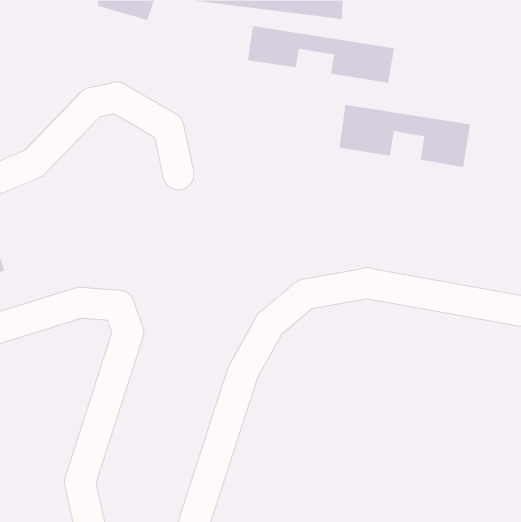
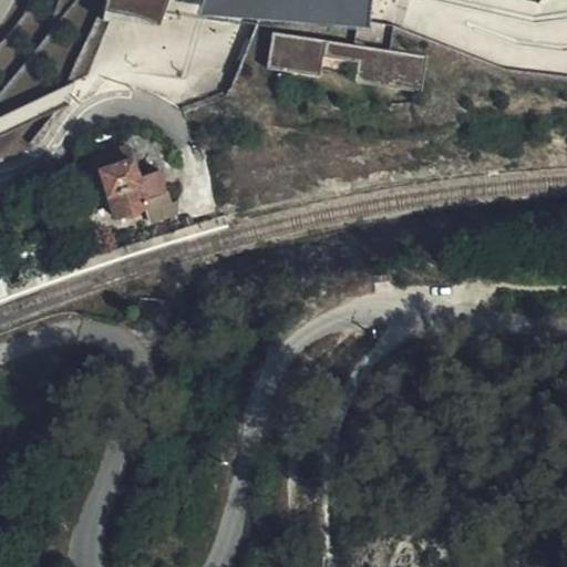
building: [339,104,471,168] -> none
building: none -> [92,145,165,225]

